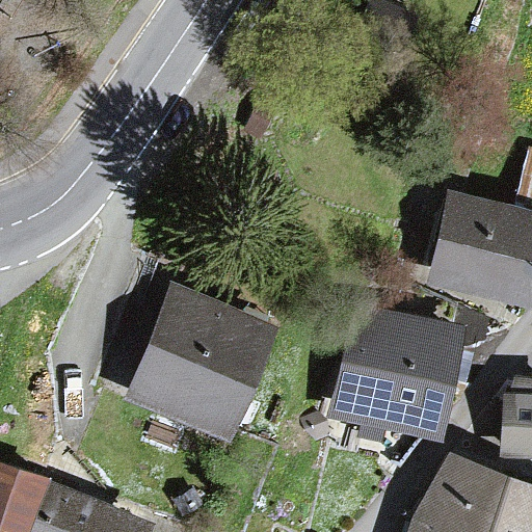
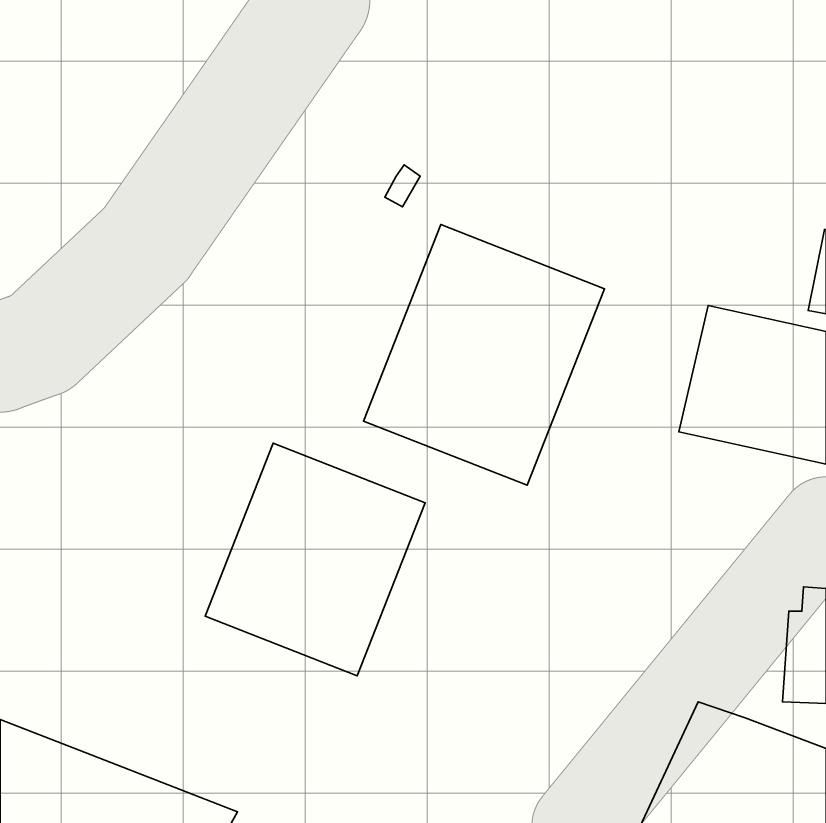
building: none -> [364,225,604,485]
building: [335,308,462,435] -> none

